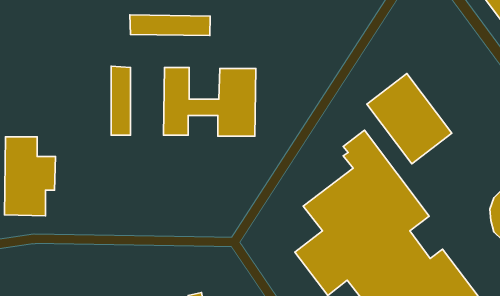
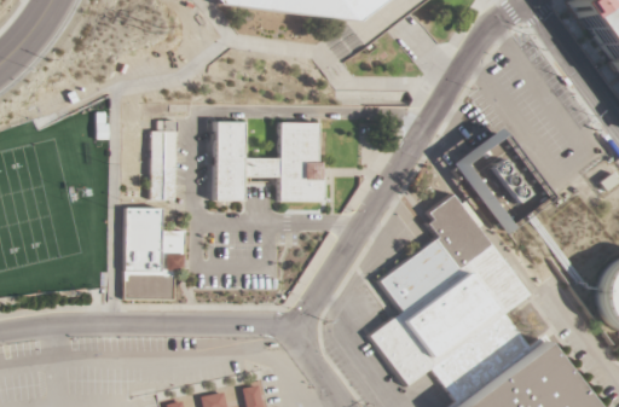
building: [130,15,210,36] -> none
building: [4,137,56,216] -> [125,207,185,300]

